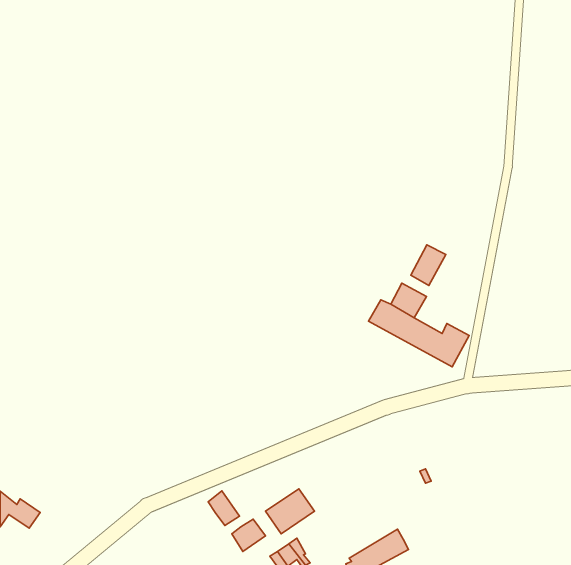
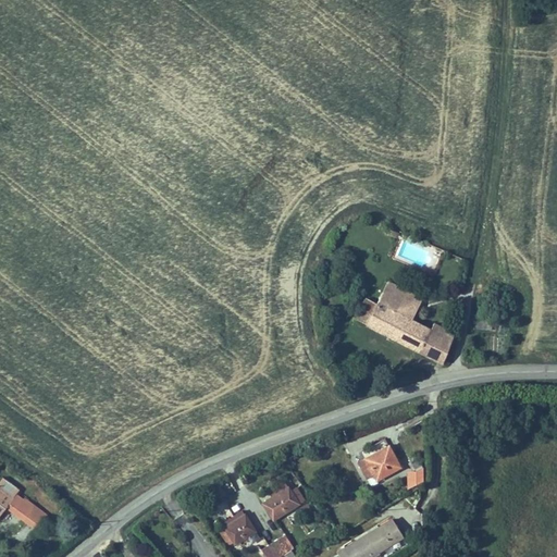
building: [411,245,446,286] -> none
building: none -> [357,449,398,482]
building: [208,491,239,525] -> none

